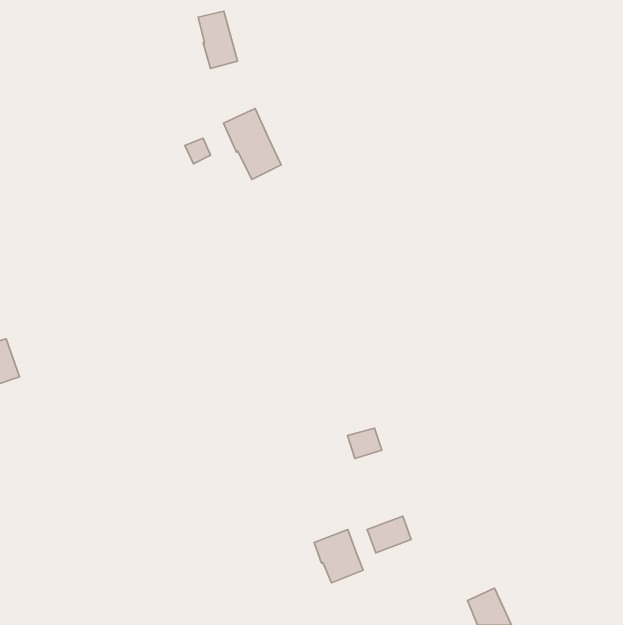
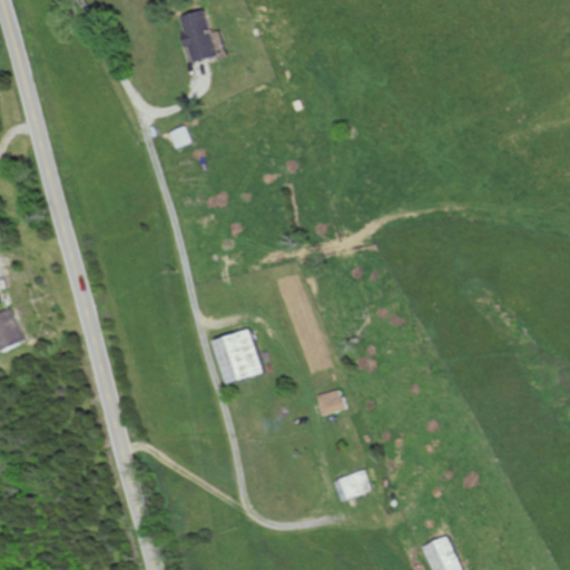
building: [224,109,281,179] -> none
building: none -> [209,330,261,384]
building: [314,530,363,583] -> none

